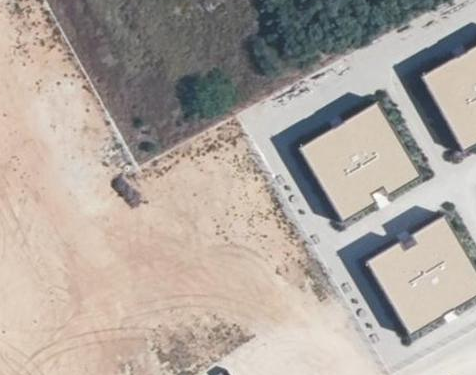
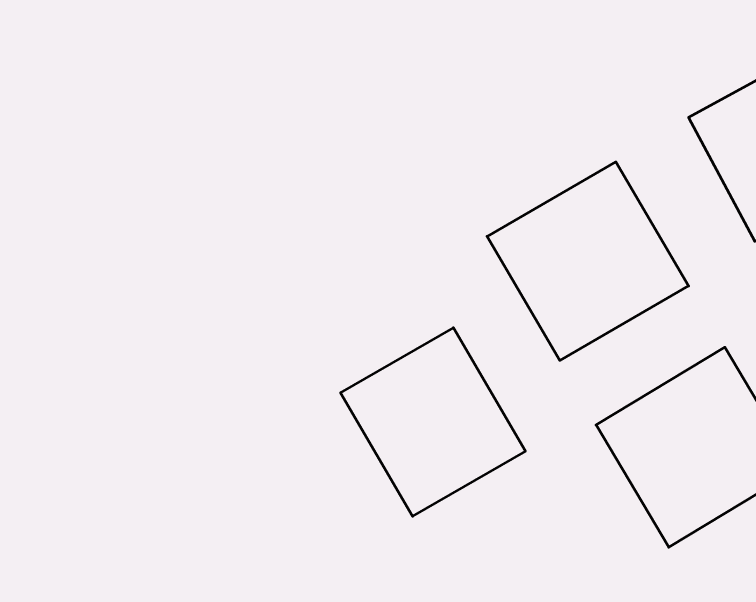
building: none -> [341,328,525,516]

